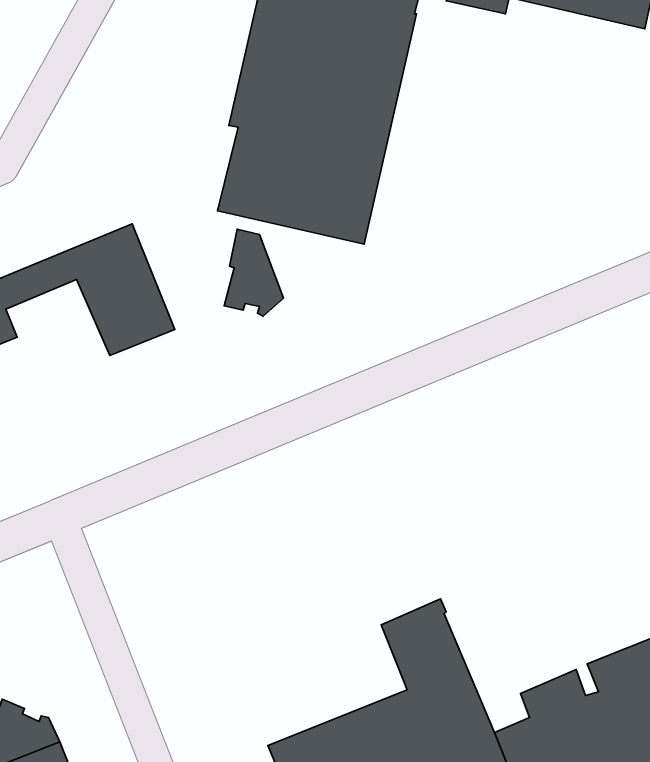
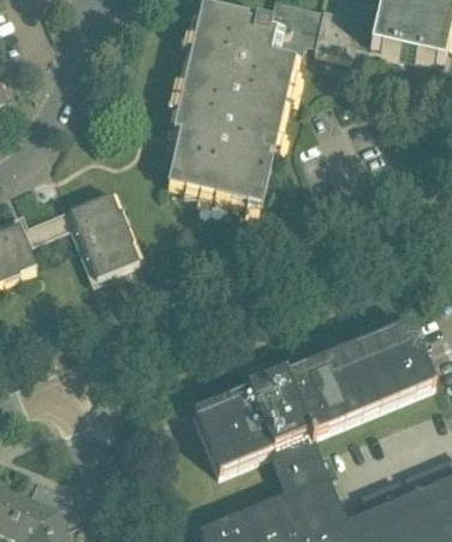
building: [224,229,284,316] -> none
building: none -> [192,323,434,472]

